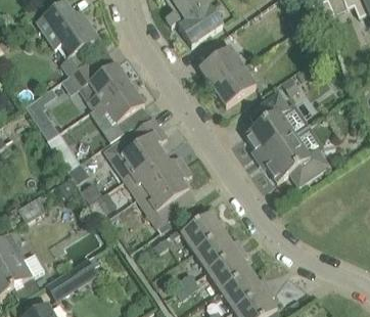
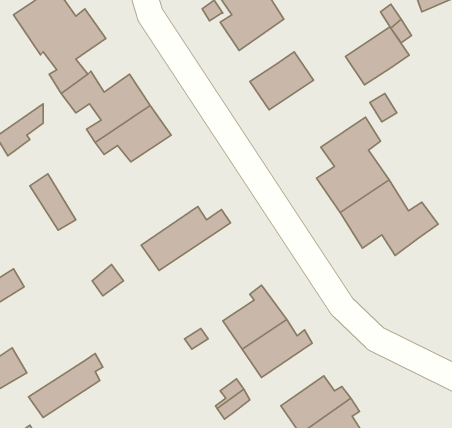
building: [212,66,256,106] -> [345,27,409,85]
building: [104,118,167,180] -> none
building: [136,165,195,217] -> none
building: [206,247,249,290] -> none

